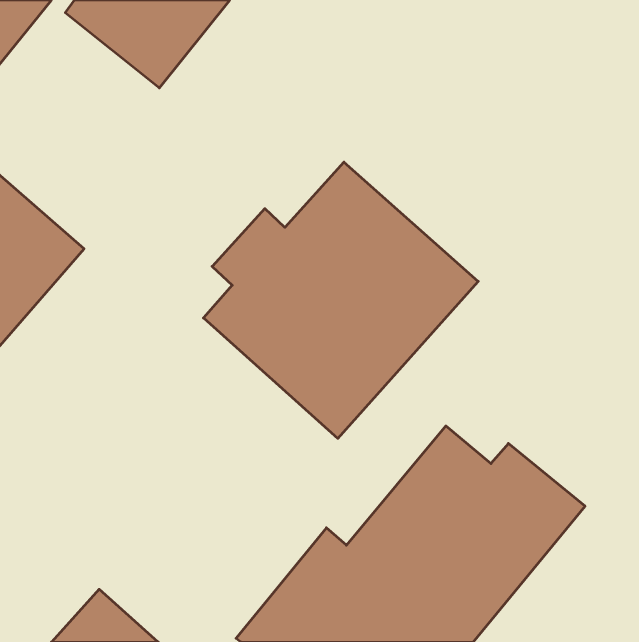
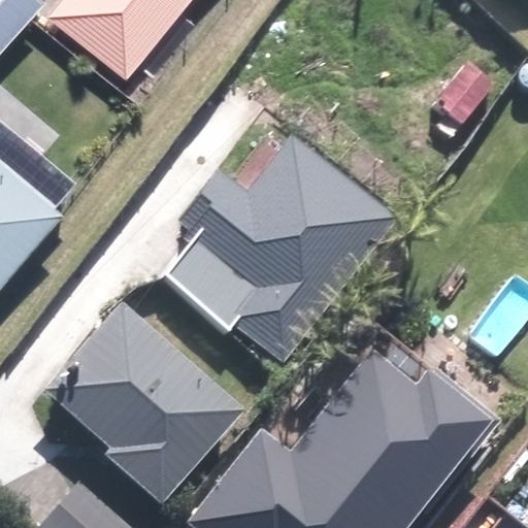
building: none -> [52,305,248,503]

